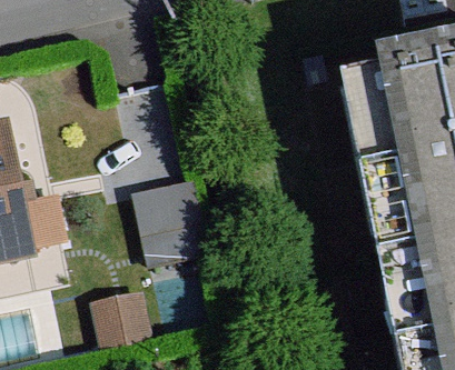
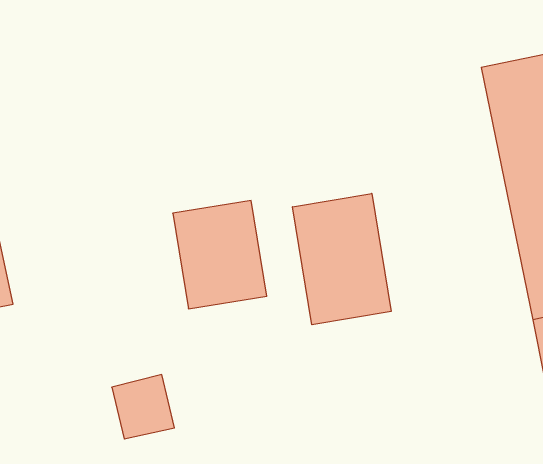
building: none -> [293,193,391,325]

